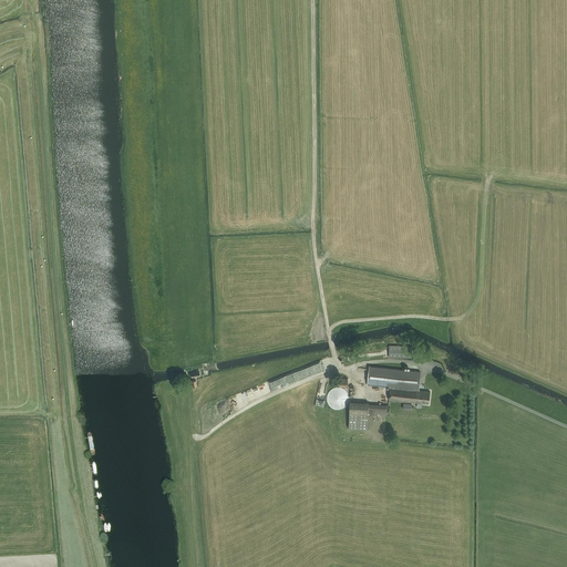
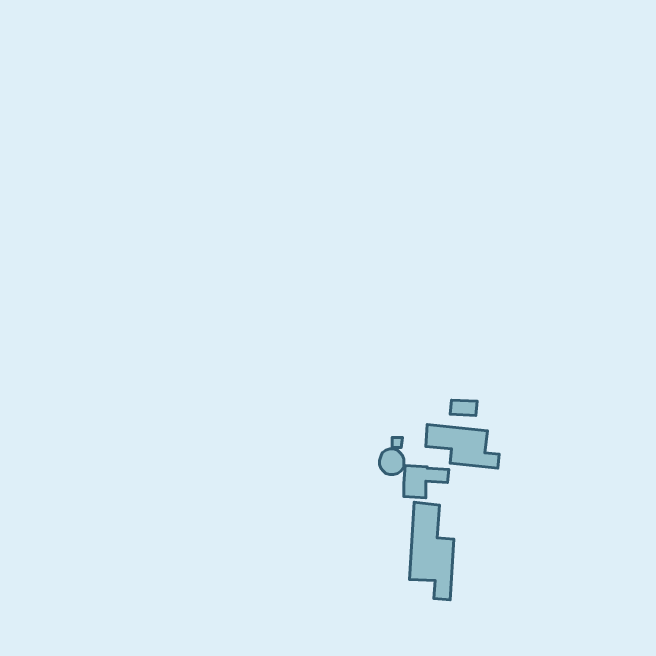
building: none -> [410,502,454,600]

